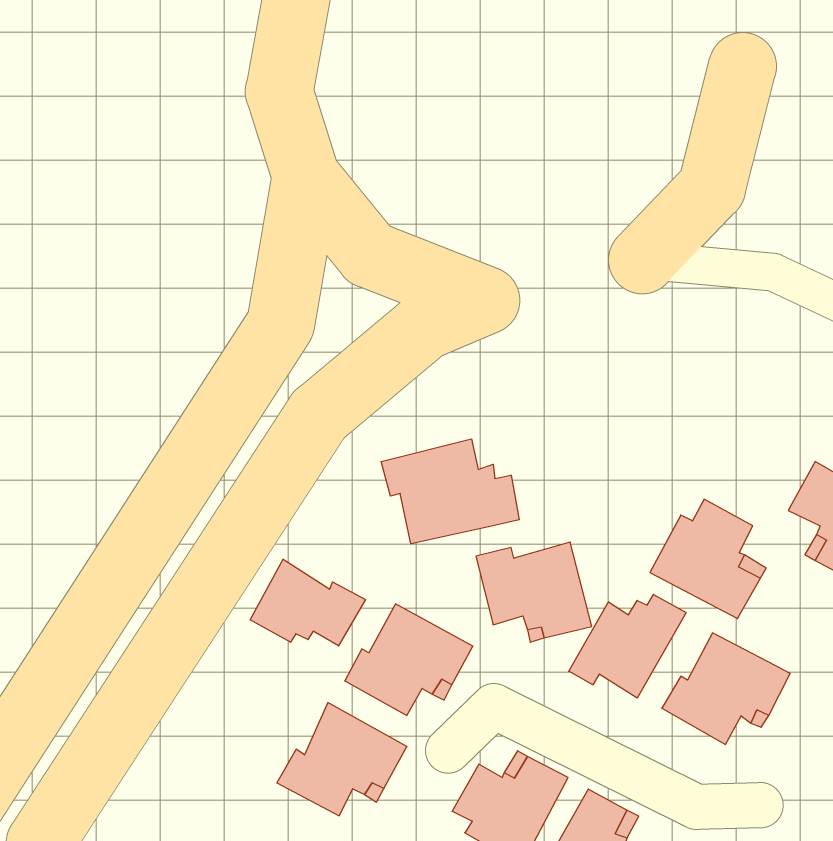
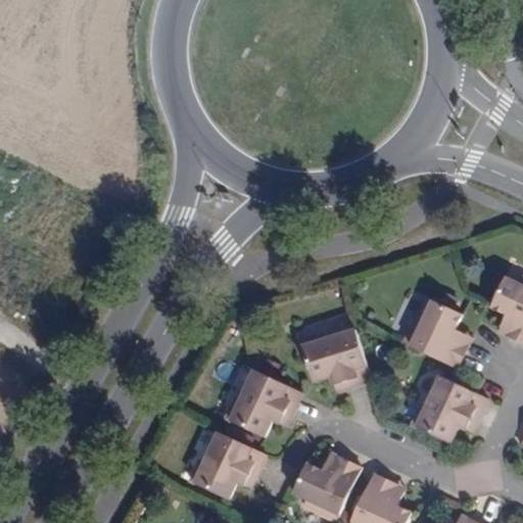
building: [381,439,519,544] -> none
building: [250,559,365,646] -> none
building: [569,594,686,698] -> none

